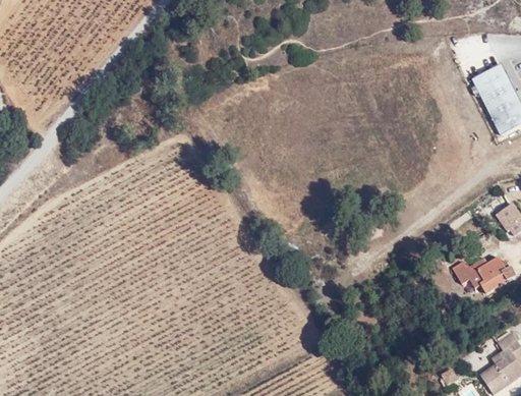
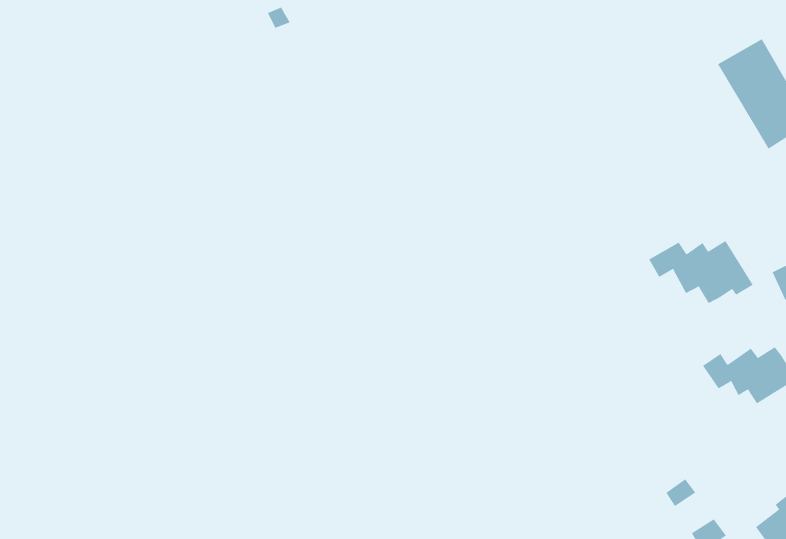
building: none -> [649,240,754,304]

